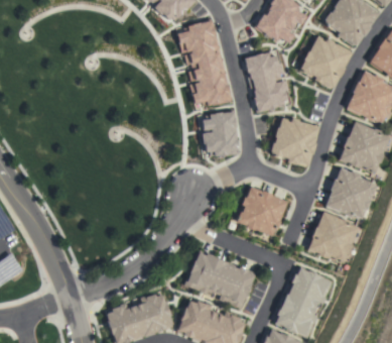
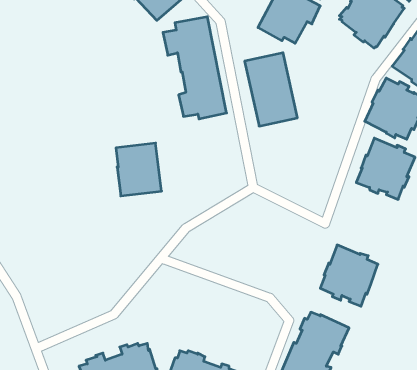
building: [299,36,352,88] -> none
building: [201,112,239,156] -> [116,143,162,196]
building: [271,118,319,165] -> none
building: [324,168,376,219] -> none
building: [237,187,288,236] -> none
building: [185,252,256,308] -> none

